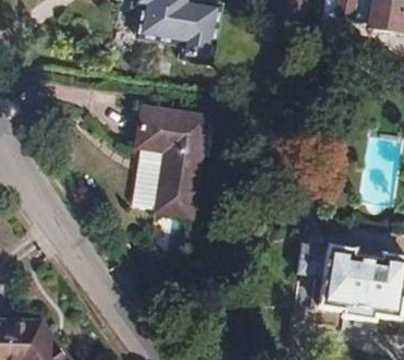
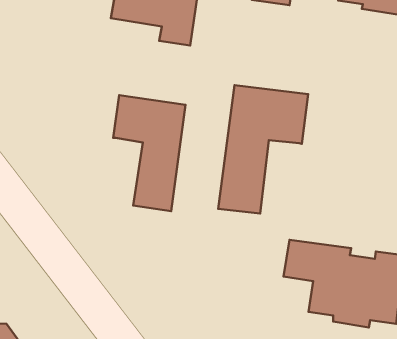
building: none -> [218,85,308,213]
building: [132,146,166,208] -> none

